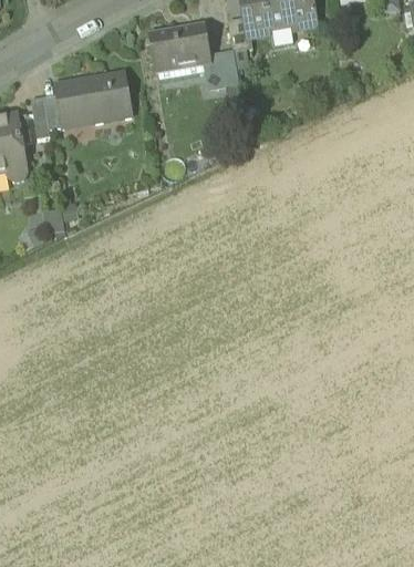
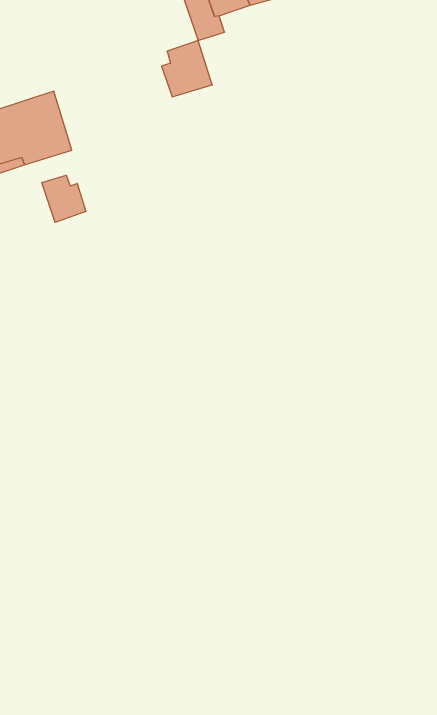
building: [148,23,210,72] -> none
building: none -> [42,175,86,222]

